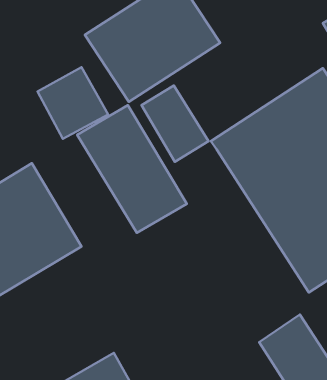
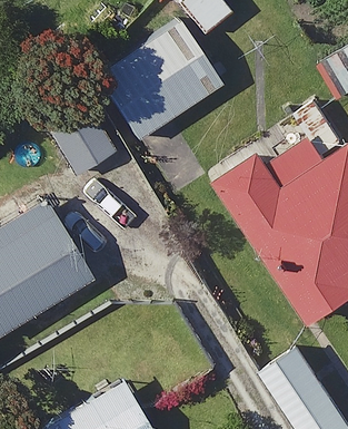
building: [77,105,187,233] -> none

